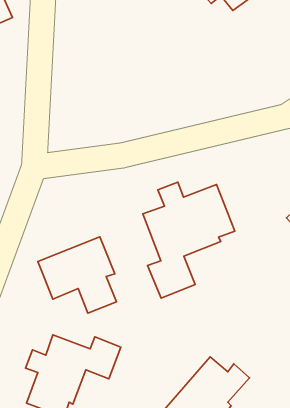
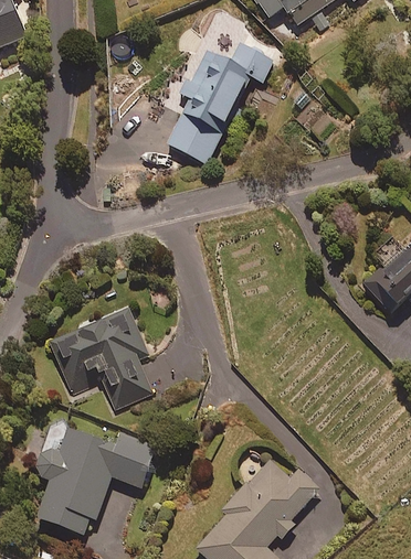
building: none -> [166,42,272,163]
building: [143,182,235,298] -> none

